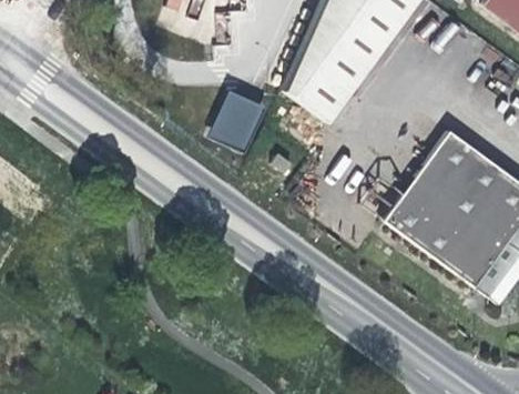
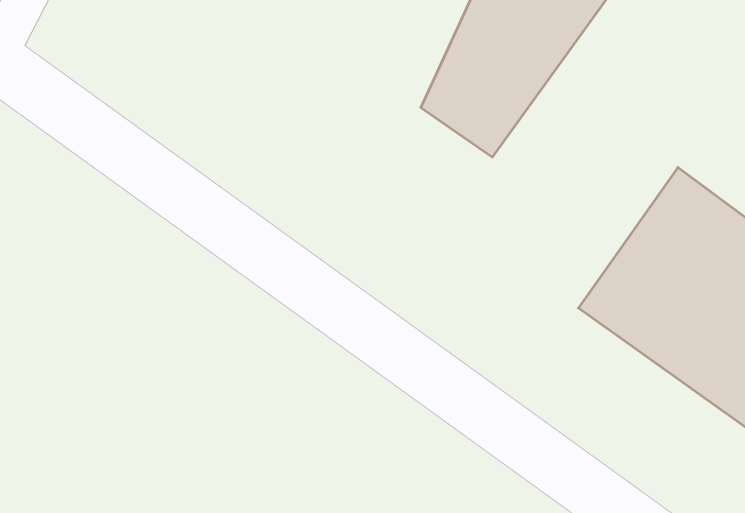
building: [213,90,268,152] -> none

